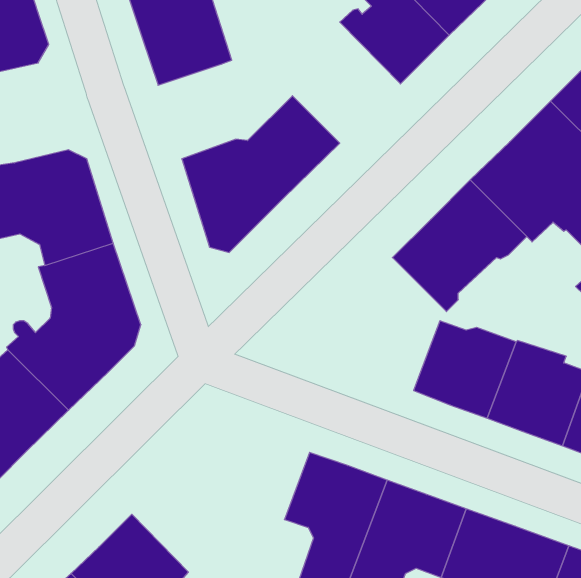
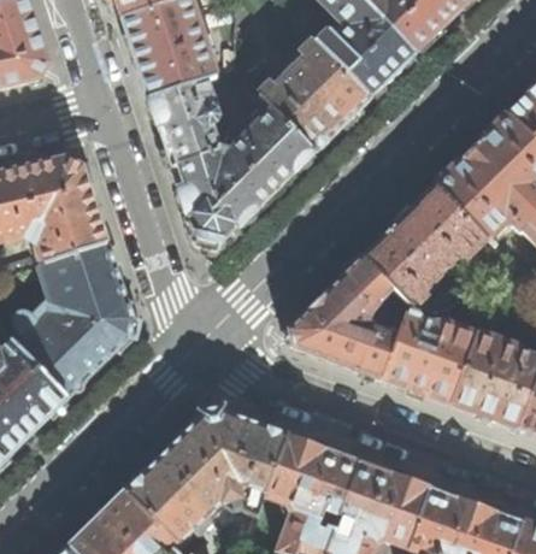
building: none -> [258,40,370,151]
building: none -> [148,78,219,165]
building: none -> [288,255,399,377]
building: none -> [124,409,287,543]

